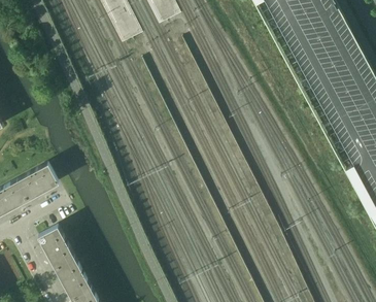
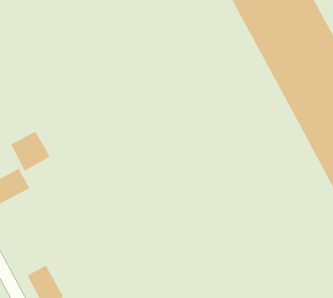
building: none -> [10,131,50,171]
building: [38,226,74,267] -> none

